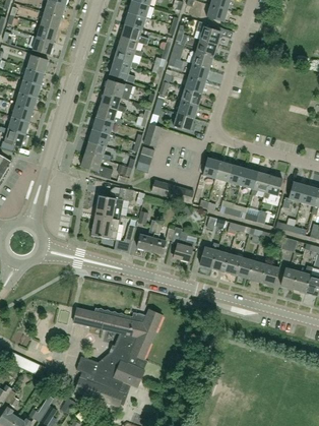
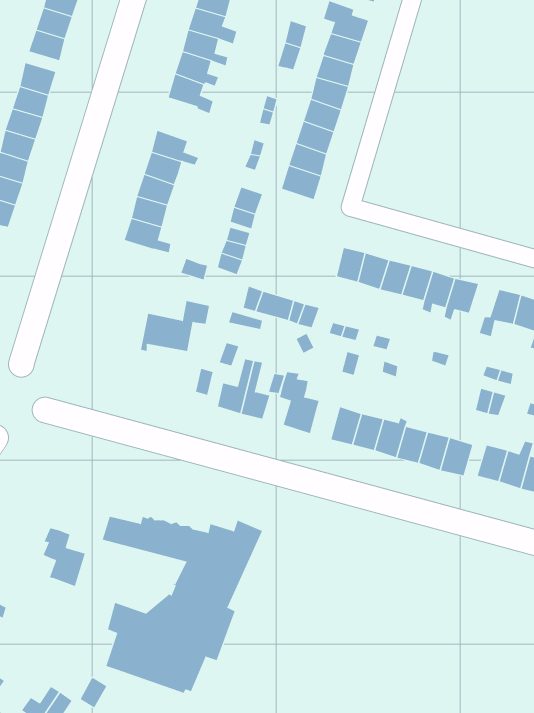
building: [104,79,133,100] -> none
building: [81,154,114,179] -> none
building: [90,211,121,240] -> none
building: none -> [43,527,85,587]

